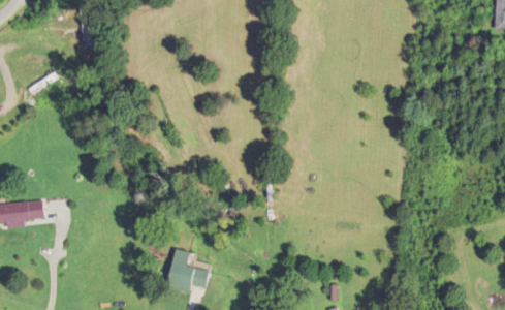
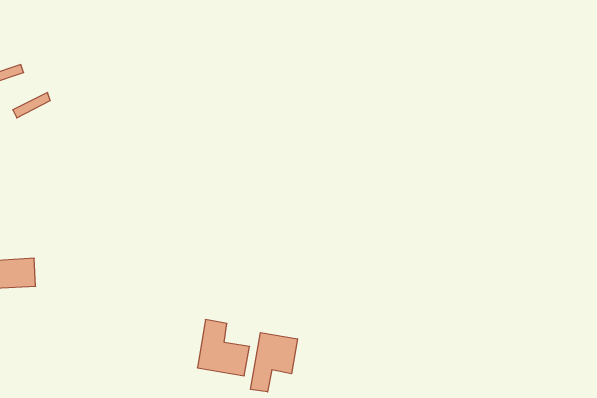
building: none -> [251,333,297,392]

